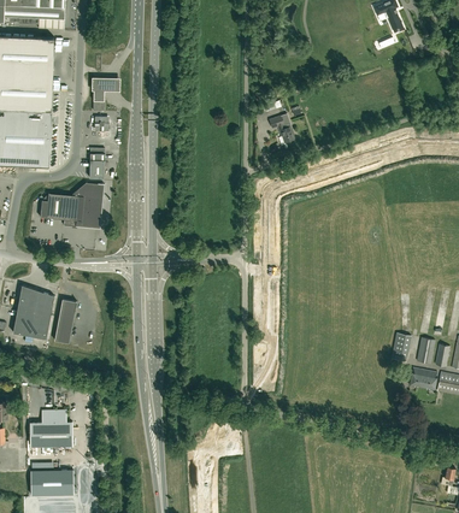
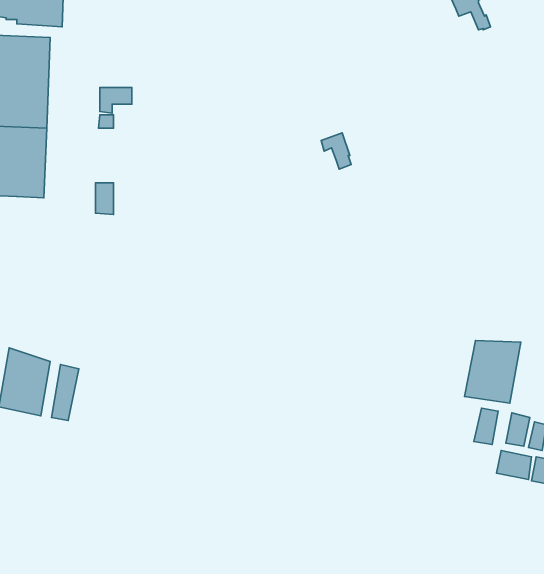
building: [41,183,105,229] -> none
building: none -> [464,341,521,403]
building: [30,409,73,447] -> none

